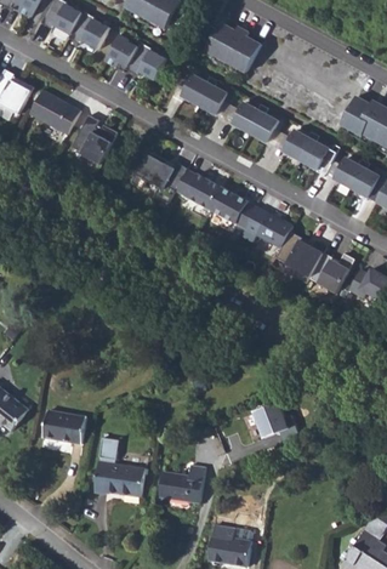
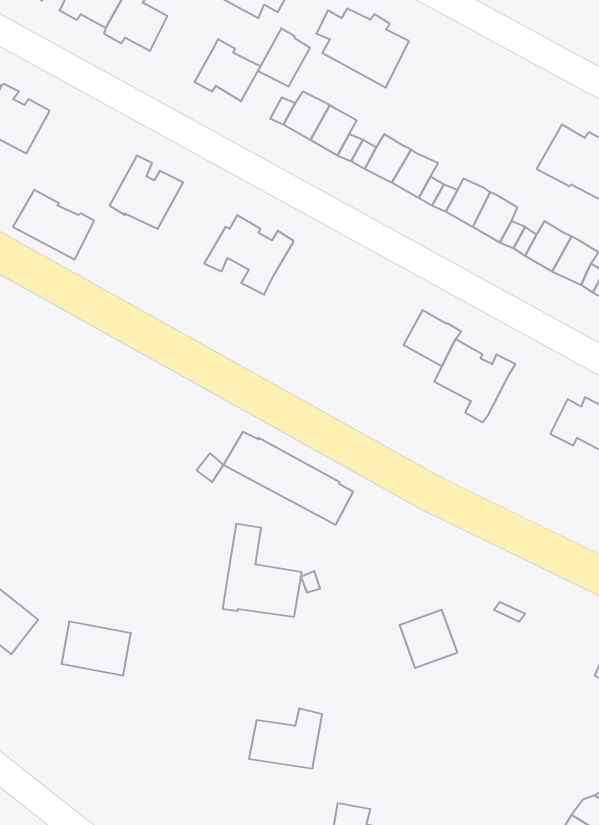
building: [104,35,137,72] -> [258,28,310,86]
building: [29,91,80,135] -> [13,190,94,260]
building: [175,170,256,228] -> [224,432,353,525]
building: [309,251,355,292] -> none
building: [95,436,144,494] -> [223,524,302,617]

